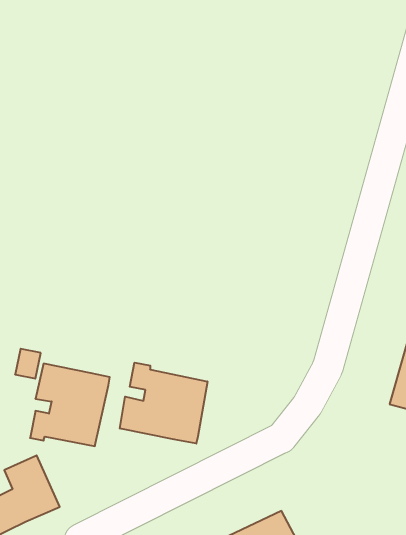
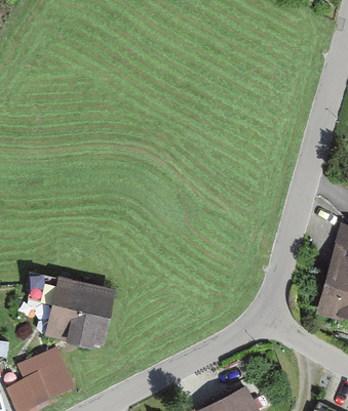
building: [120,363,207,444] -> none

